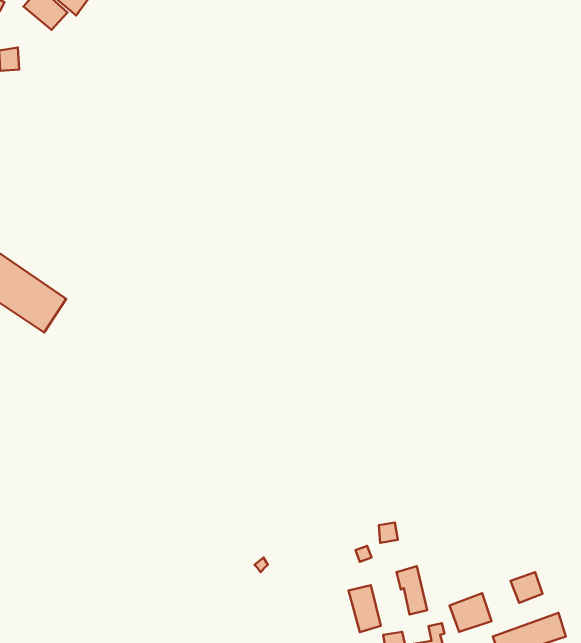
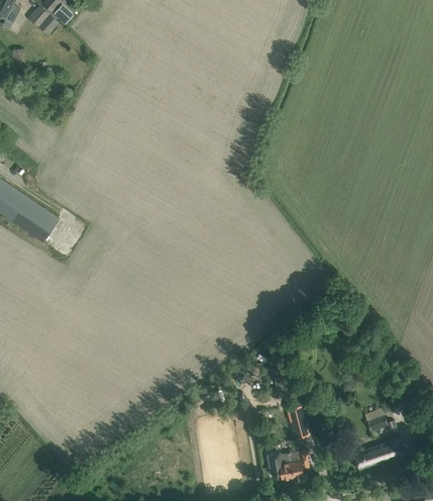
building: [349,585,381,632] -> none
building: [449,593,491,632] -> none

